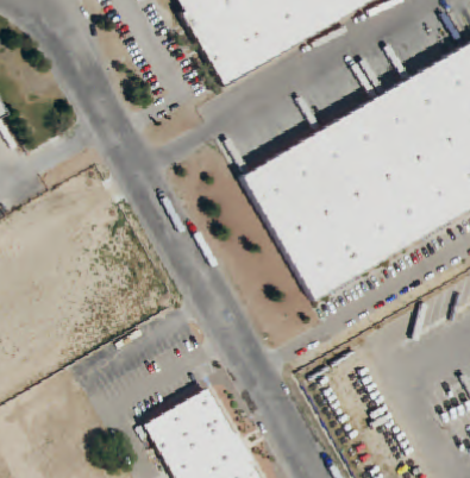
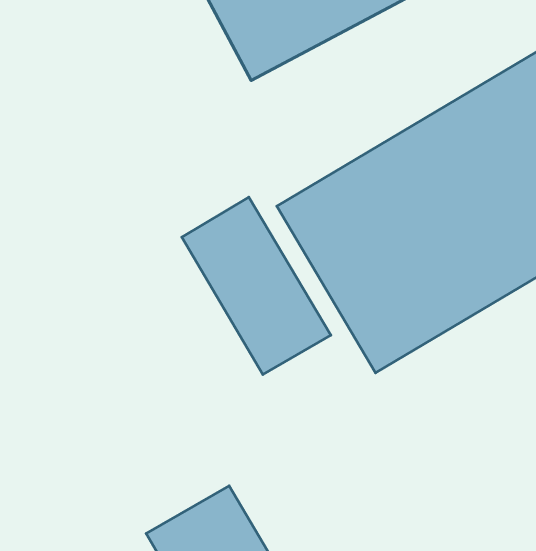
building: none -> [182,197,331,375]

